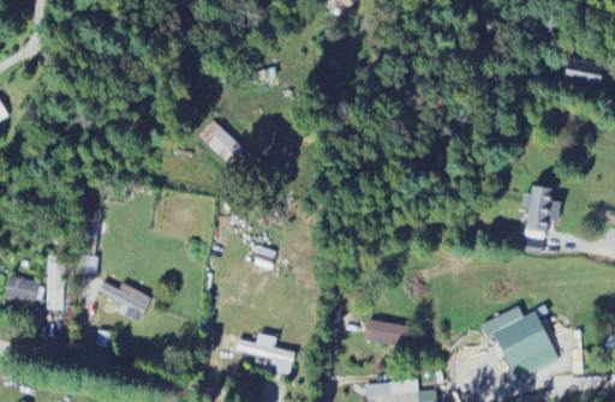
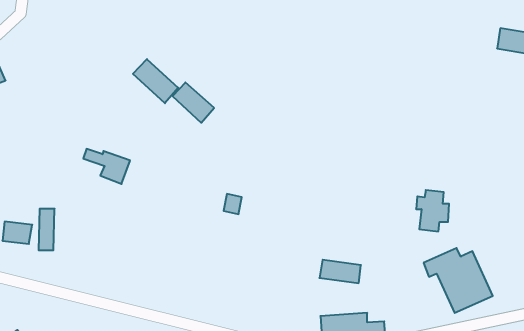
building: none -> [133,59,178,103]
building: [521,185,559,232] -> [416,190,449,231]
building: [97,282,150,322] -> [83,149,130,184]
building: [235,334,293,374] -> none

